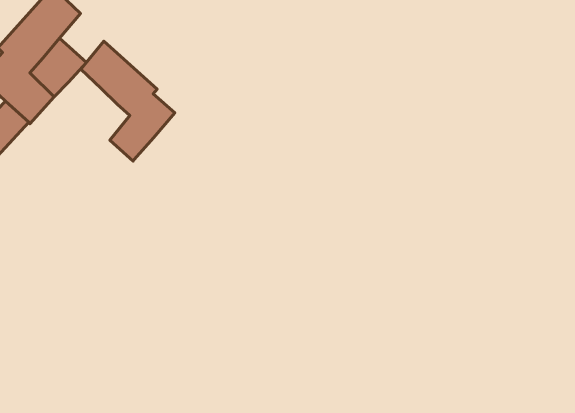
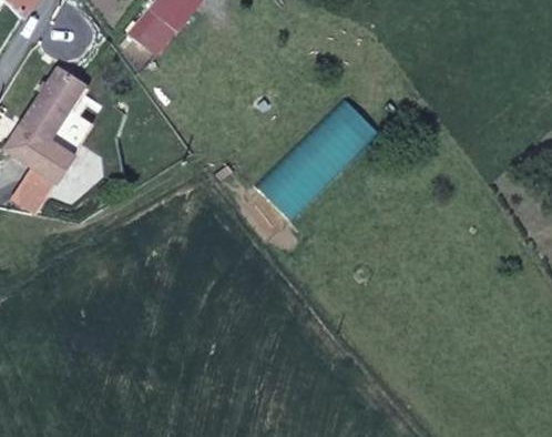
building: [81,41,175,161] -> none

